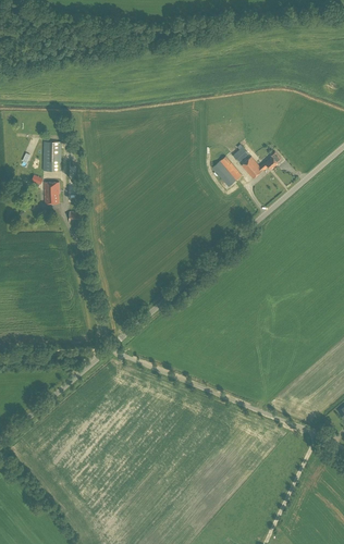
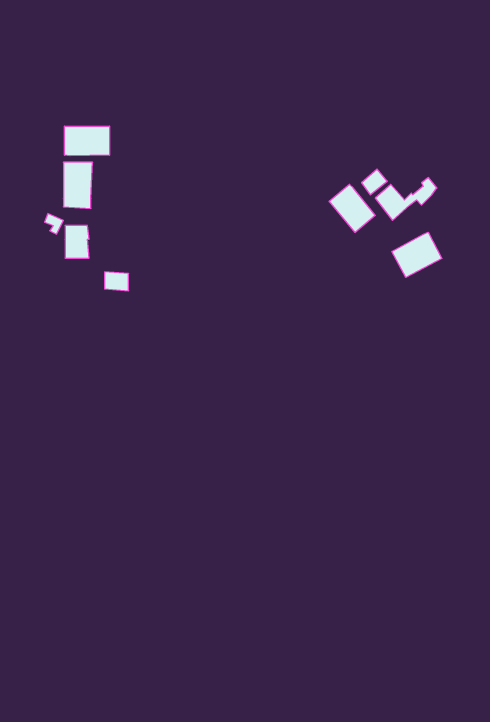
building: none -> [65,126,109,156]
building: none -> [392,232,442,277]

